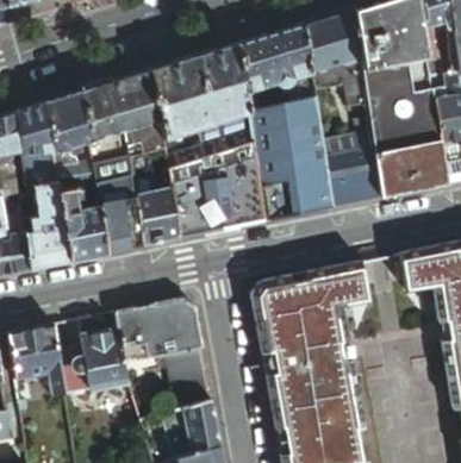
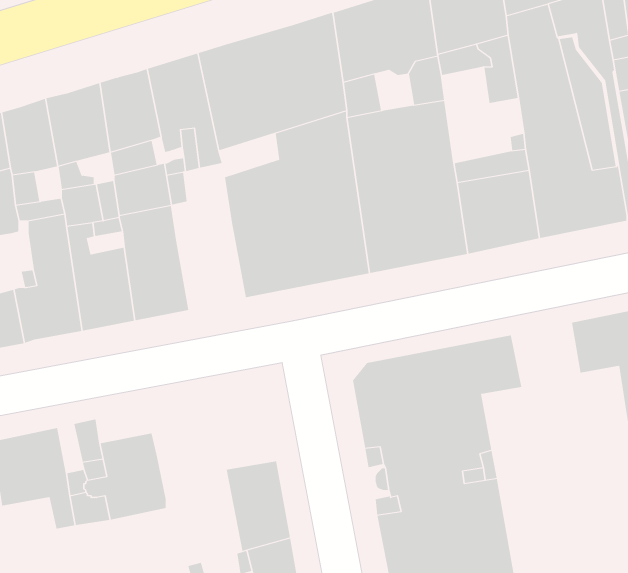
building: [136,187,182,246] -> none
building: [117,299,204,357] -> none

